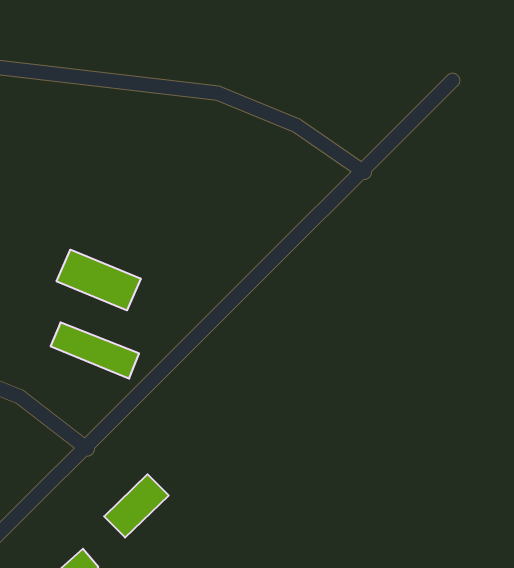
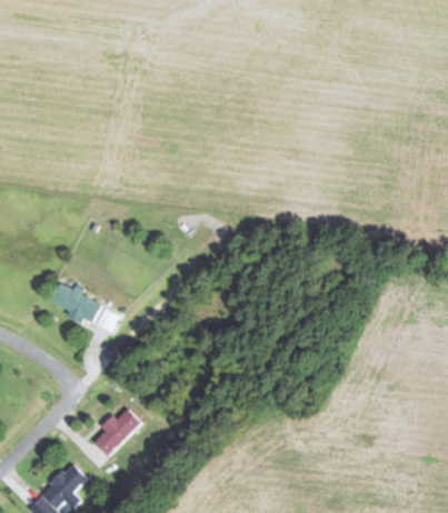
building: [57,250,141,310] -> none

